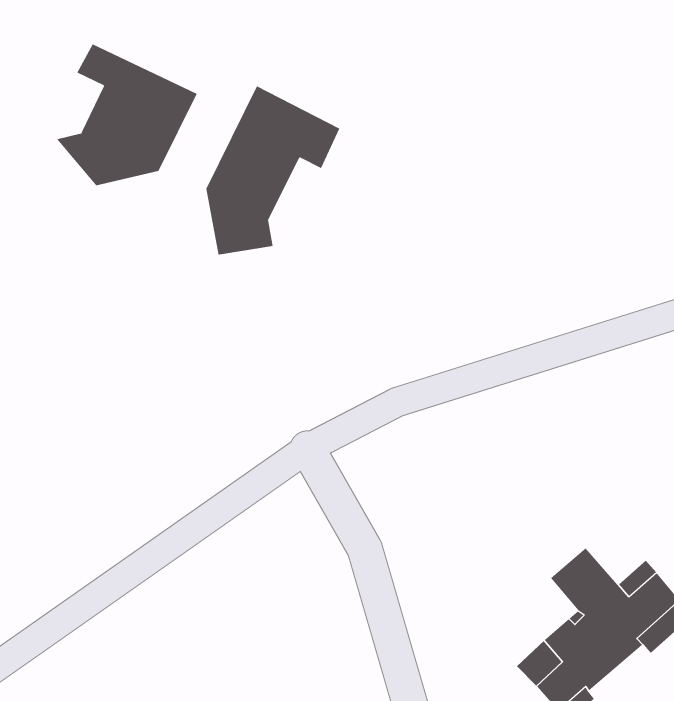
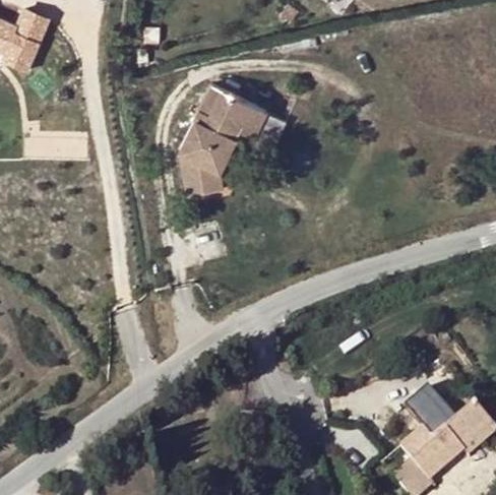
building: [56,44,197,186] -> none

